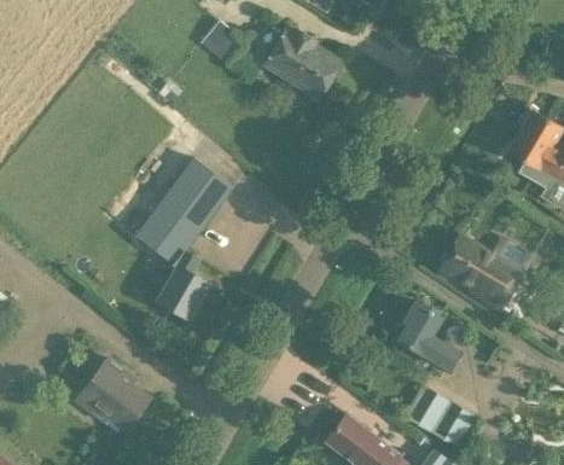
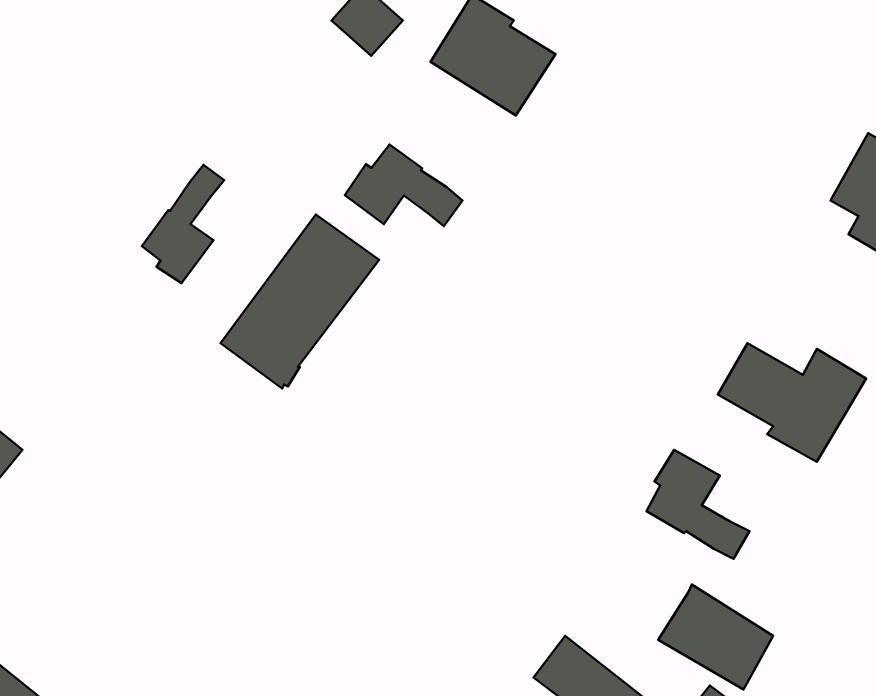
building: none -> [345,144,463,226]
building: none -> [142,165,224,283]
building: [156,252,205,319] -> none
building: [77,361,146,426] -> none

